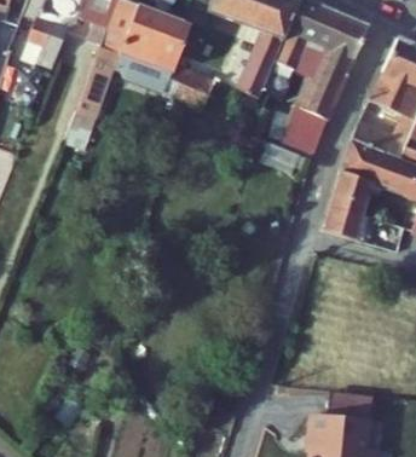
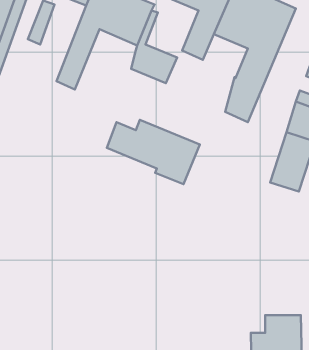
building: none -> [107,120,200,184]

